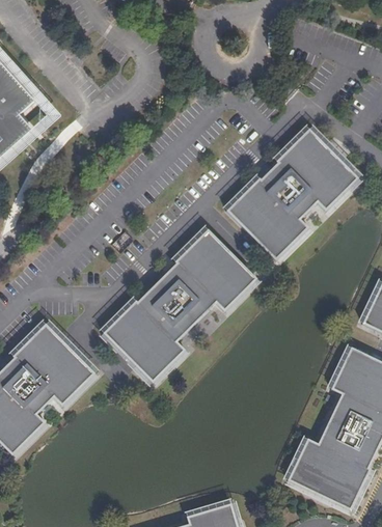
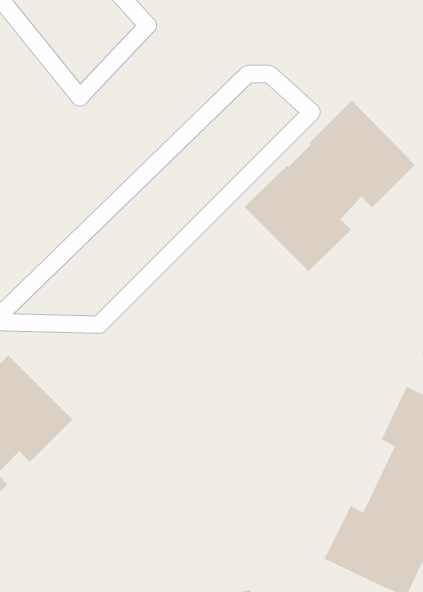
building: [103,227,256,381] -> none

